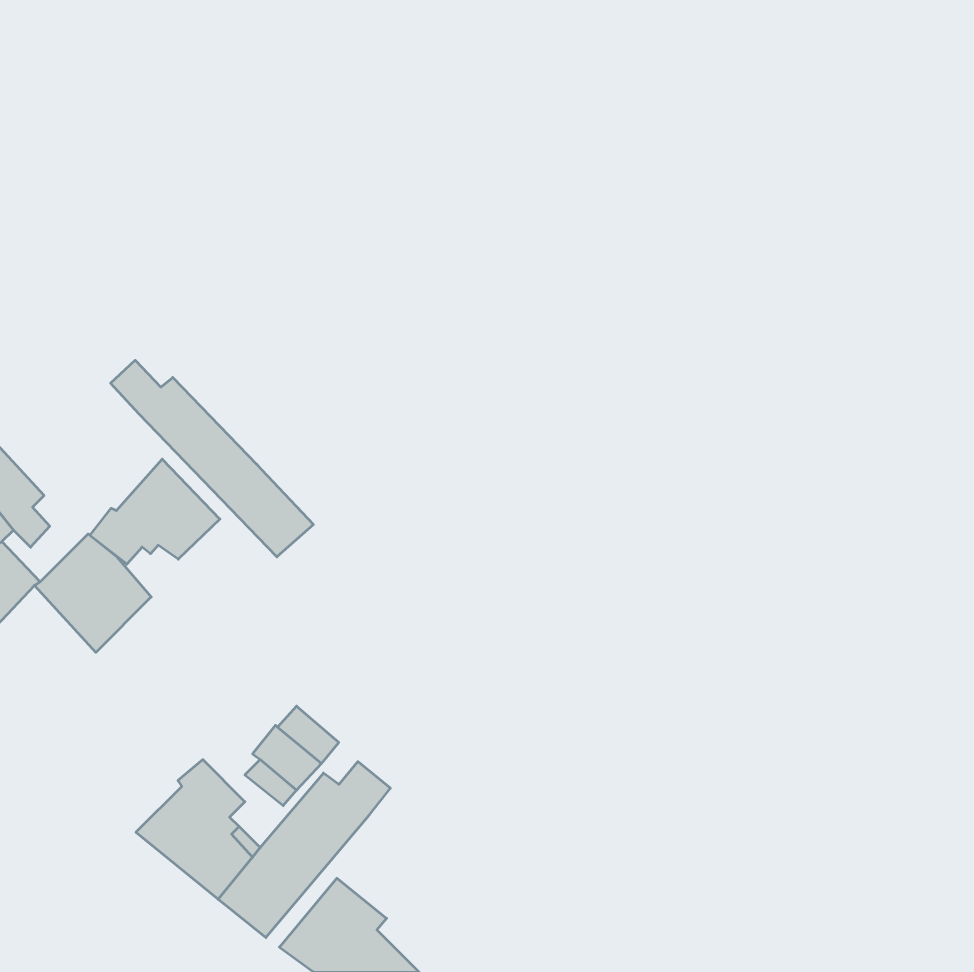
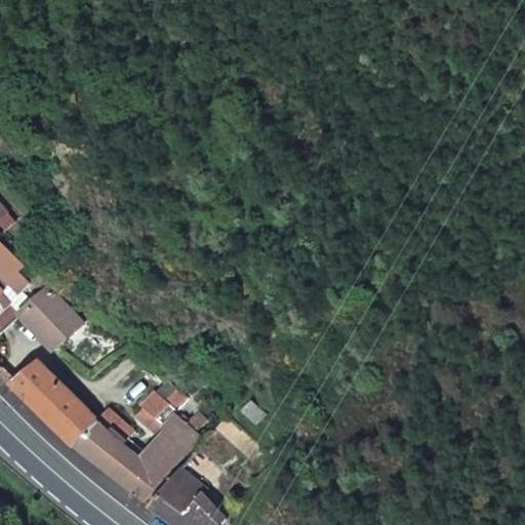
building: [111,360,313,557] -> none
building: [90,459,220,564] -> none
building: none -> [10,359,97,446]

